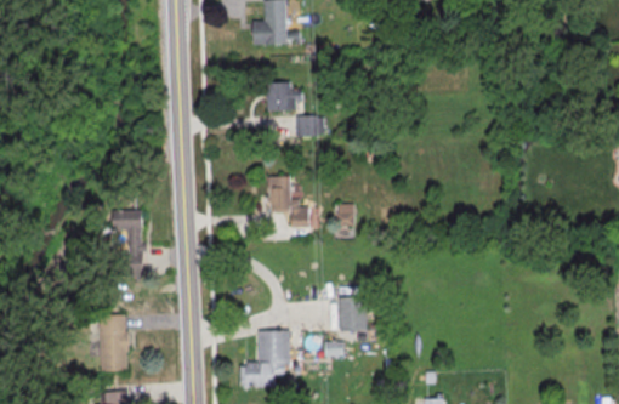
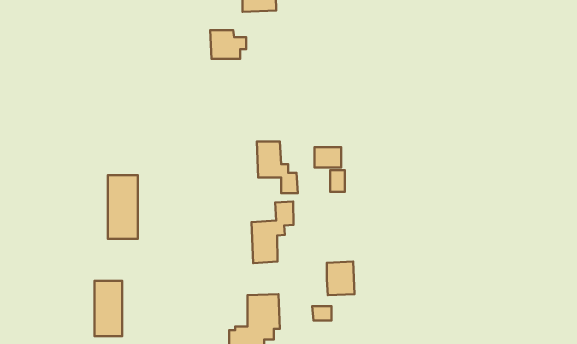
building: [265,81,301,110] -> [210,30,246,59]
building: [299,115,325,136] -> [315,147,341,168]
building: none -> [252,201,293,263]

